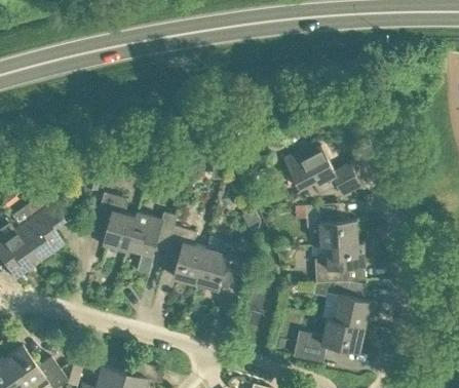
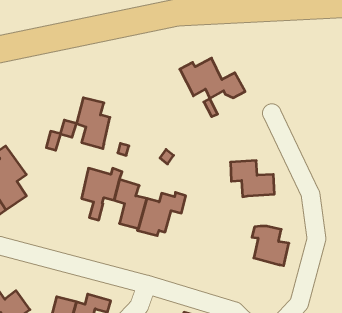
building: [283,146,361,194] -> [180,58,245,99]
building: [95,193,136,254] -> [76,98,110,149]
building: [314,242,366,283] -> none
building: [294,318,365,363] -> none

